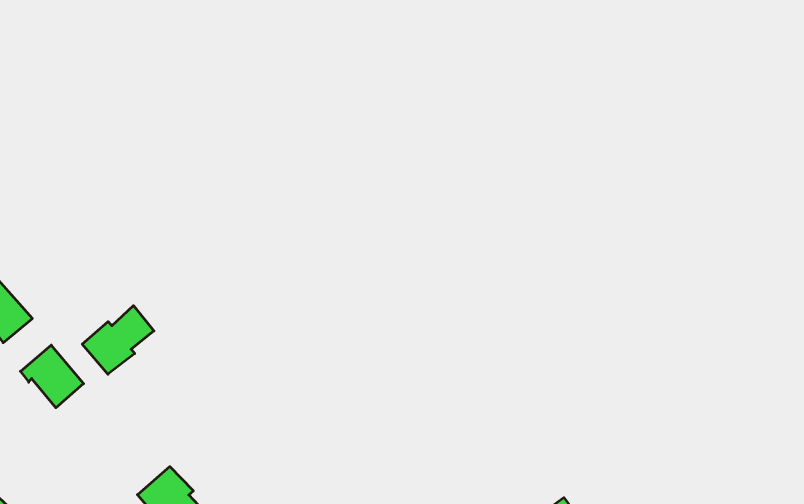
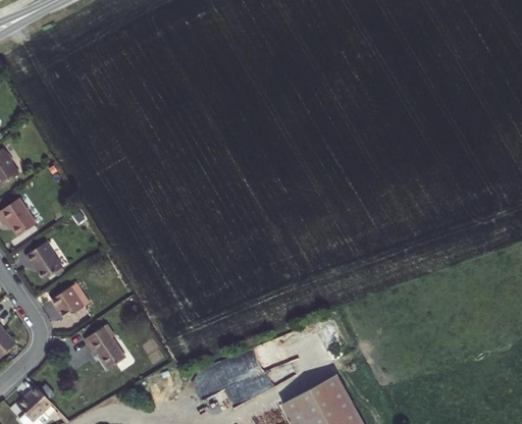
building: [82,306,154,374] -> none
building: none -> [49,287,81,319]

